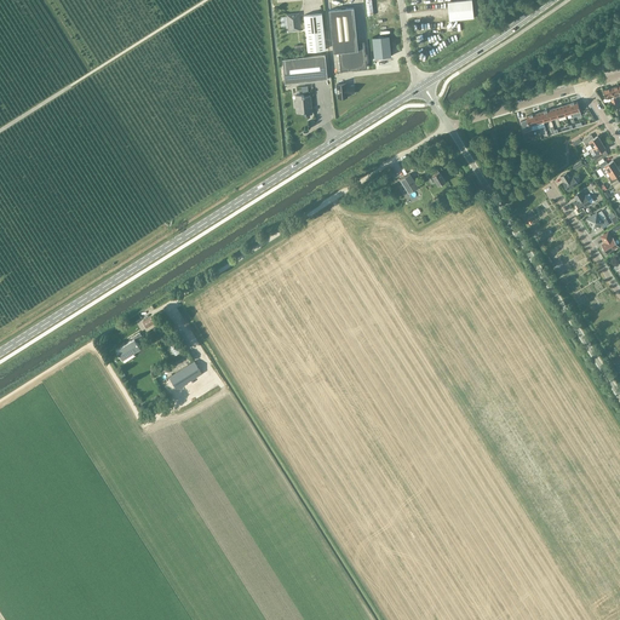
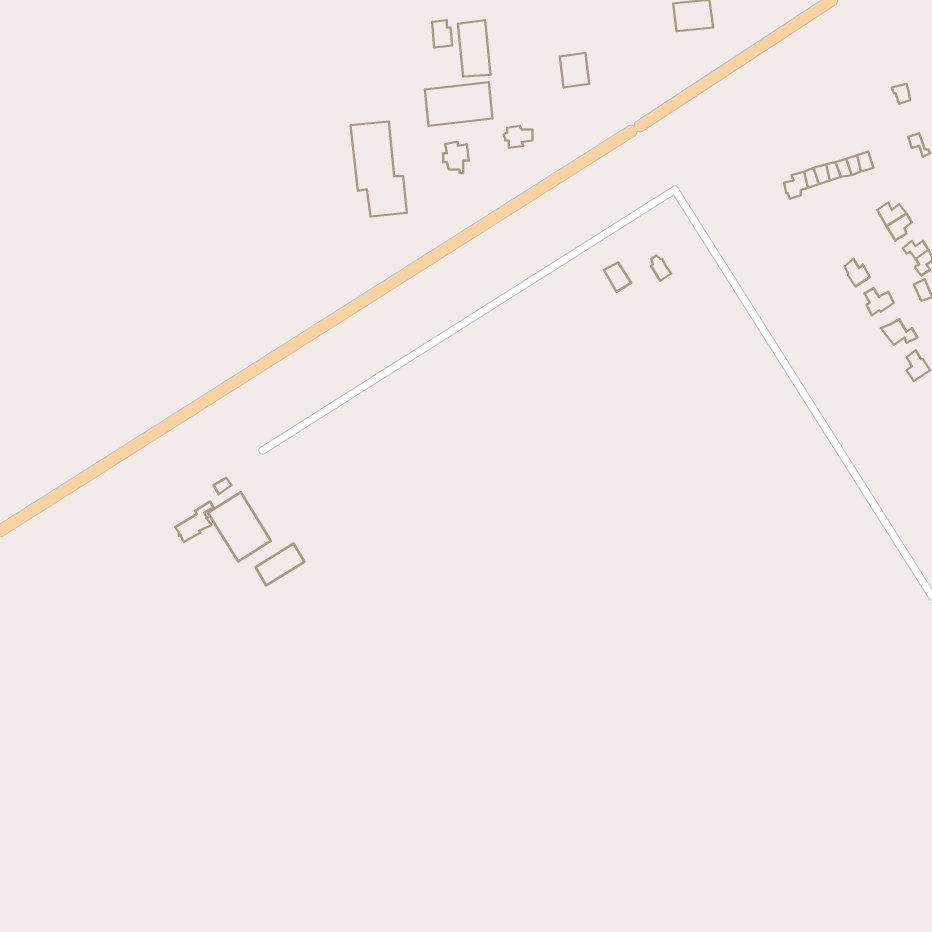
building: [328,7,366,70] -> [350,122,407,216]
building: none -> [208,492,271,562]

